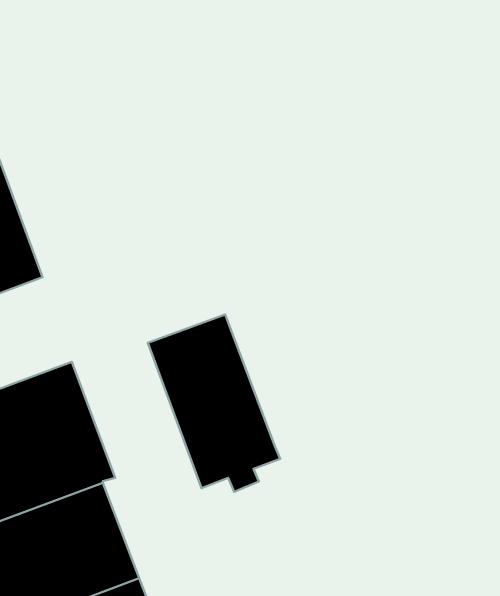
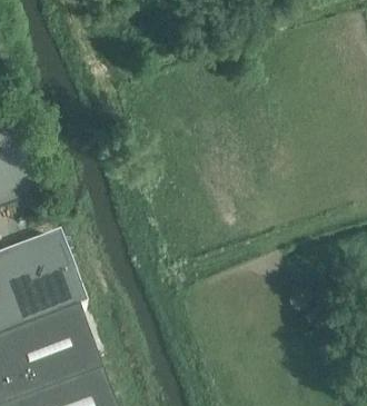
building: [148,314,280,492] -> none

